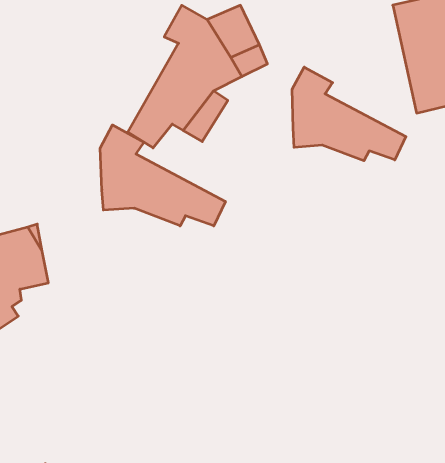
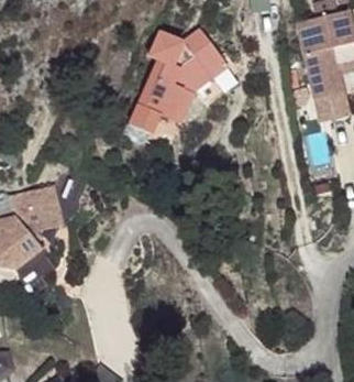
building: [292,67,406,161] -> none
building: [100,125,225,226] -> none

